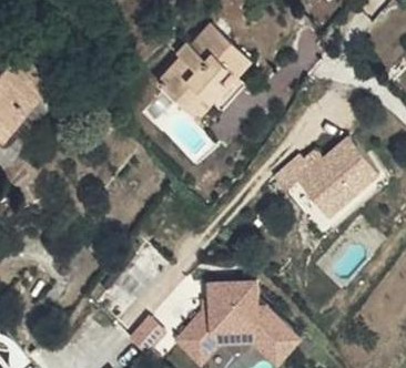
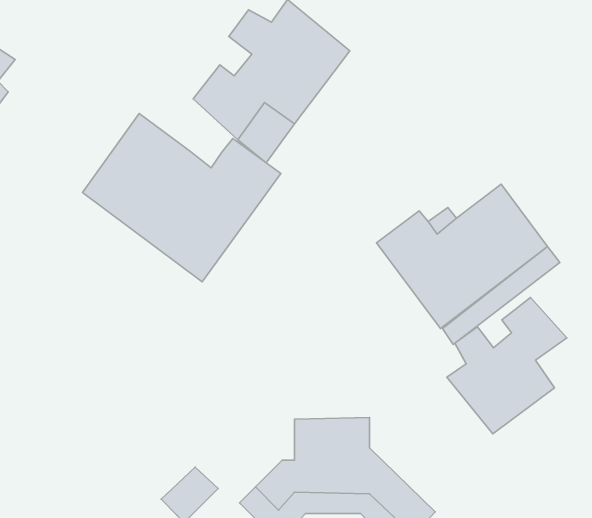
building: none -> [82,114,281,282]
building: none -> [447,297,567,434]

